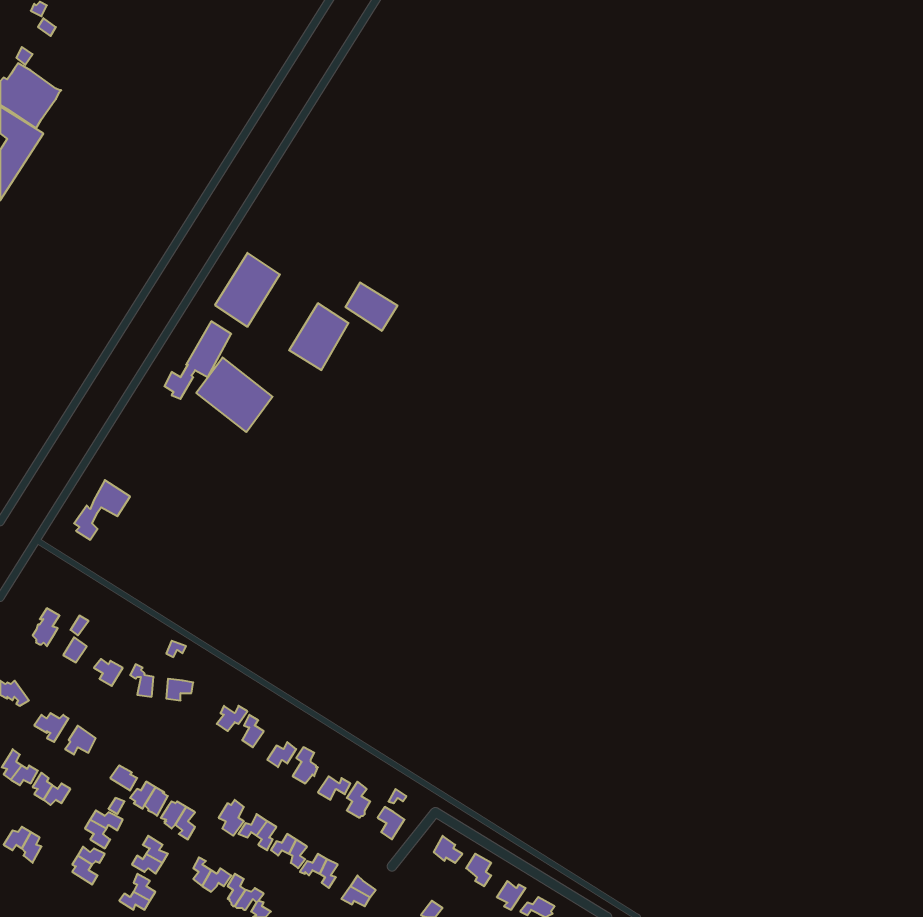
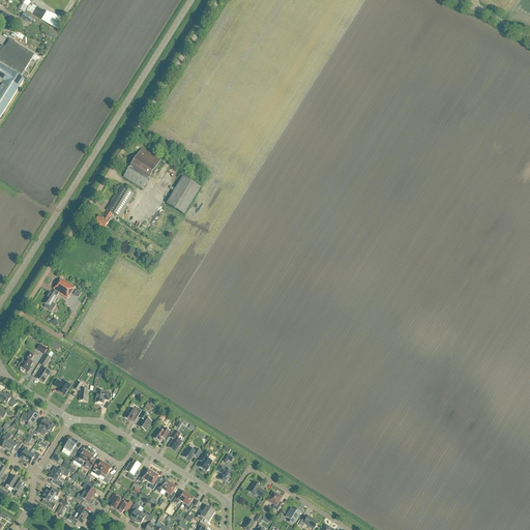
building: [346,282,397,331] -> none
building: [196,357,273,432] -> none

